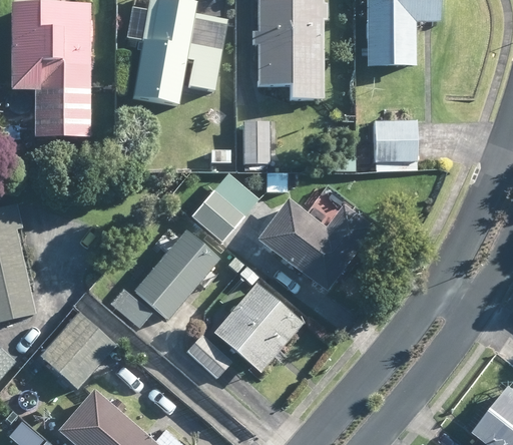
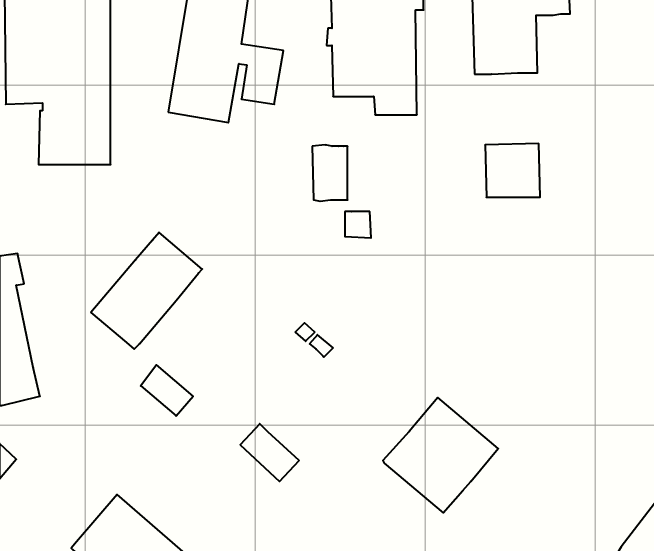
building: [256,174,373,290] -> none
building: [190,189,243,242] -> none
building: [134,230,219,319] -> [91,232,202,349]
building: [213,284,302,372] -> [383,398,498,513]
building: [41,312,116,388] -> none

